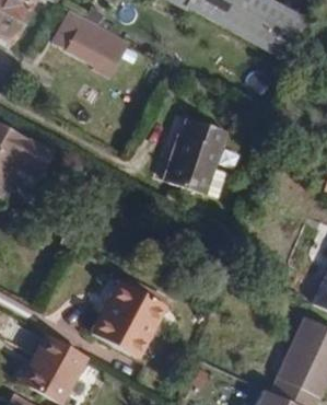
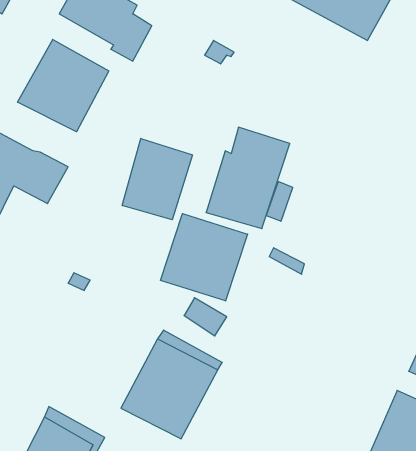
building: none -> [18,39,109,132]
building: none -> [122,138,192,220]
building: none -> [161,214,248,301]

